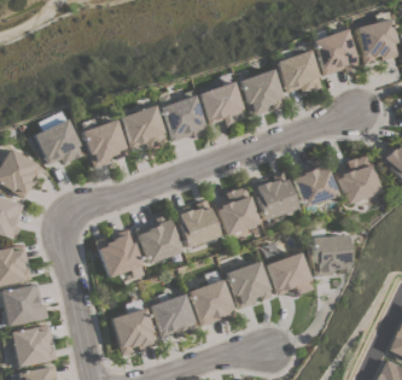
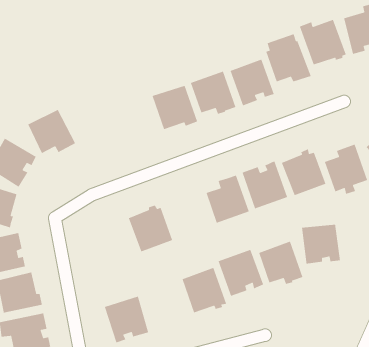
building: [120,105,165,150] -> none
building: [81,119,127,168] -> none
building: [173,200,220,249] -> none
building: [95,229,142,277] -> none
building: [151,294,197,338] -> none

